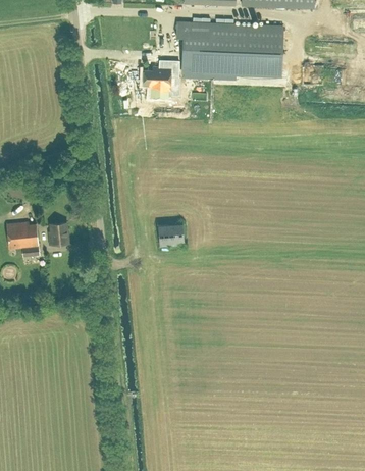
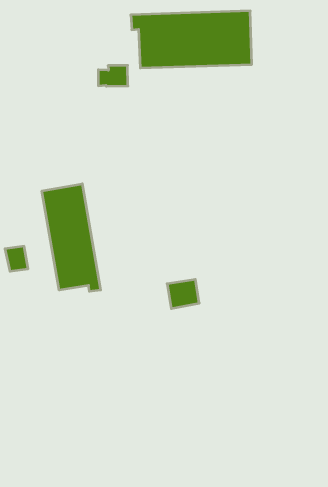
building: none -> [42,184,101,291]
building: [157,223,185,248] -> [167,279,199,309]

